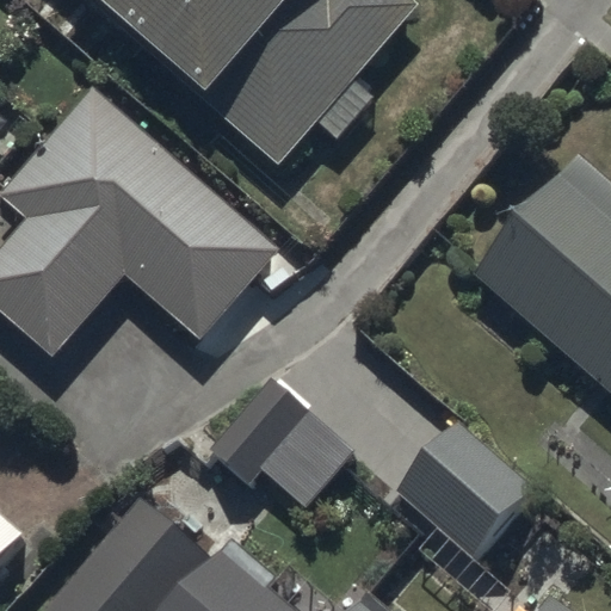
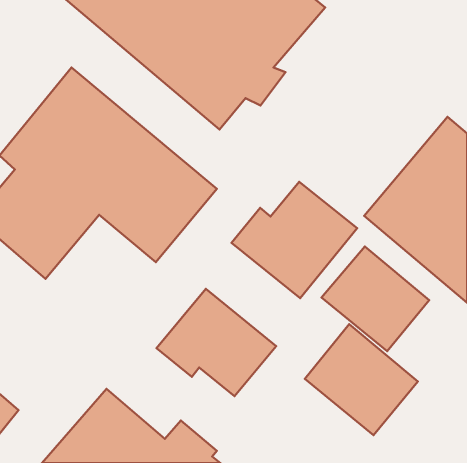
building: none -> [232,182,357,298]
building: none -> [322,247,429,351]

